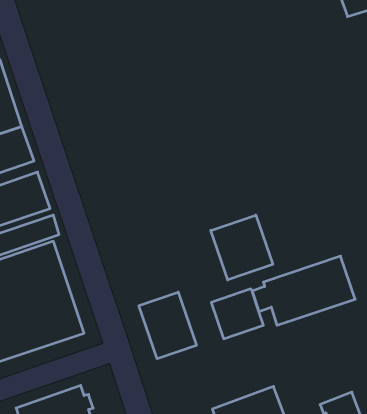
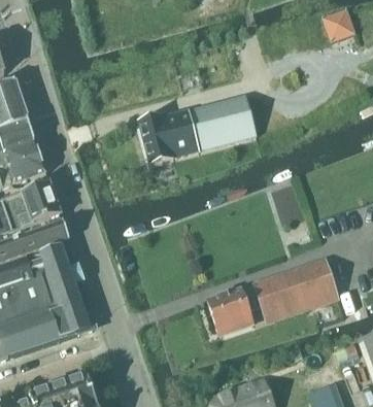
building: none -> [143,95,257,183]
building: [211,215,273,280] -> none
building: [139,292,196,359] -> none

